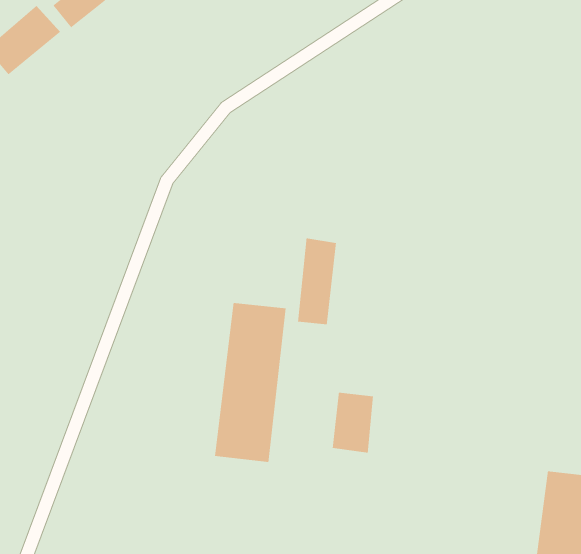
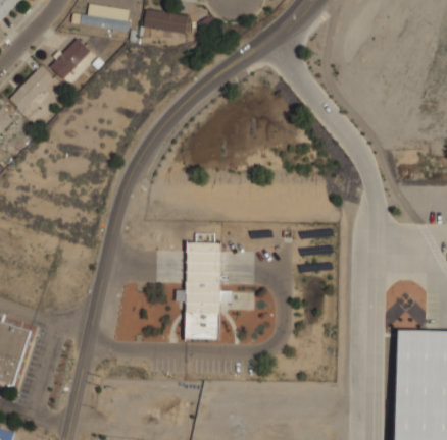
building: [298,238,336,325] -> none
building: [332,392,373,453] -> none

